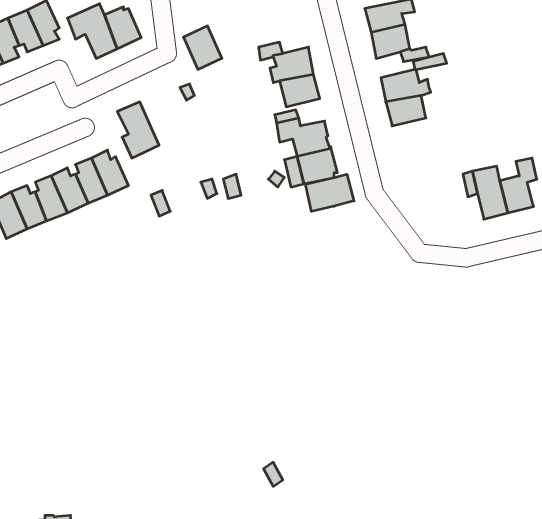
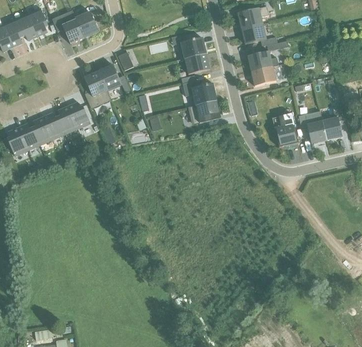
building: [183,26,222,69] -> [98,64,122,91]
building: none -> [272,113,299,147]
building: [305,174,354,211] -> none

